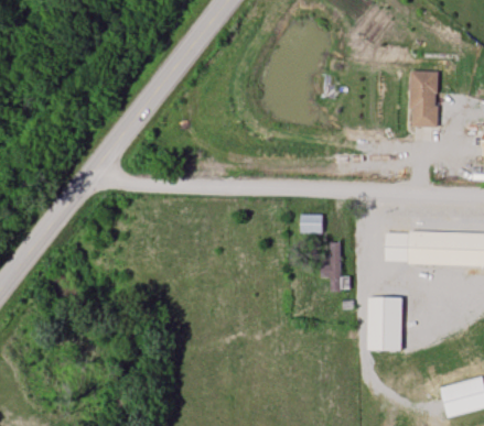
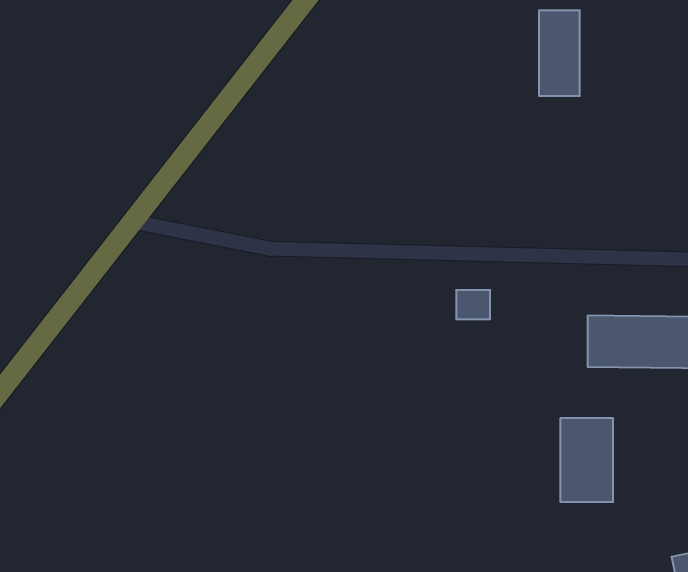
building: [411,72,438,127] -> [539,10,580,96]
building: [321,242,342,294] -> none

